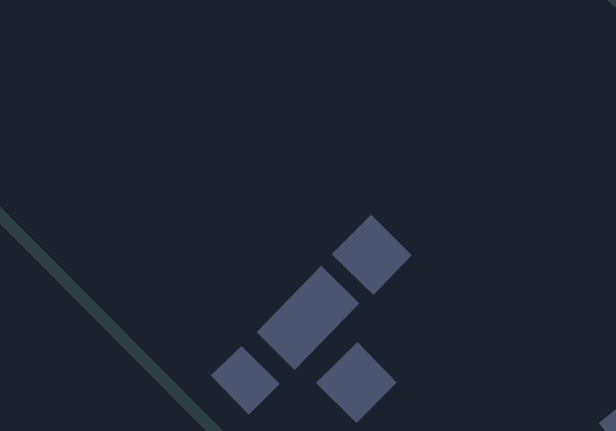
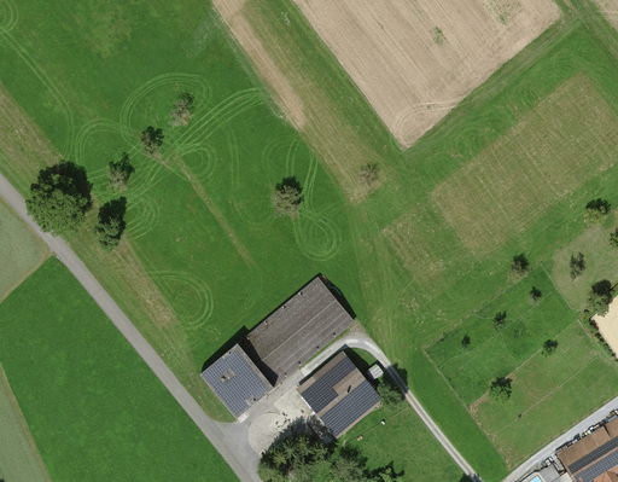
building: [331,214,413,296] -> none

